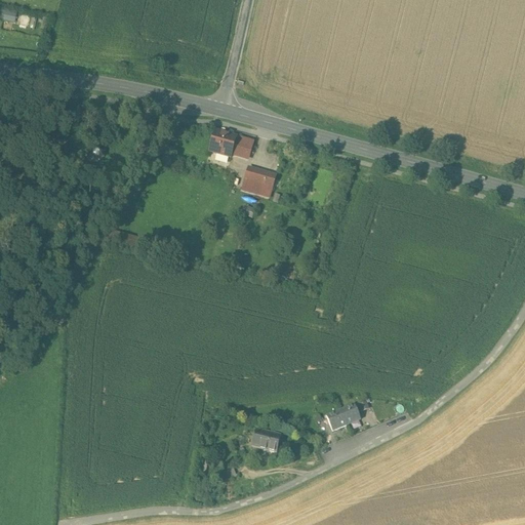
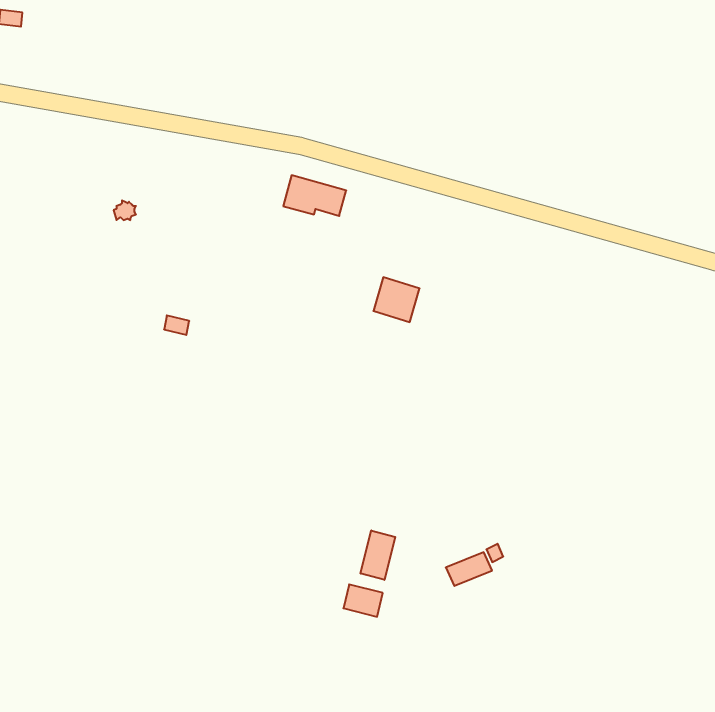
building: [241,165,275,198] -> [373,277,420,322]
building: none -> [361,530,395,580]

